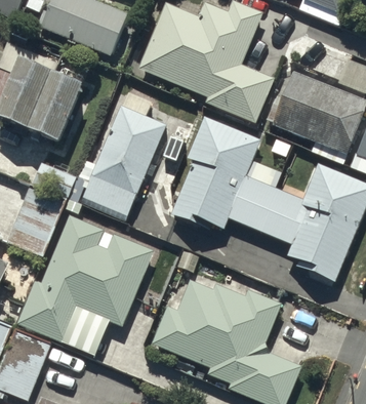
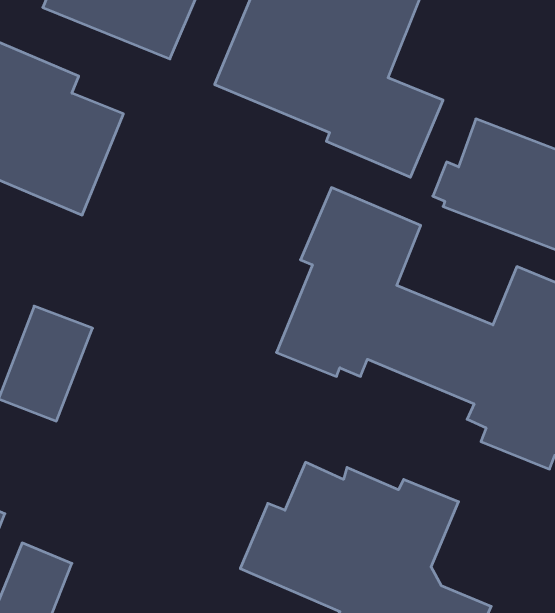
building: [81,96,165,220] -> none
building: [14,223,152,350] -> none

